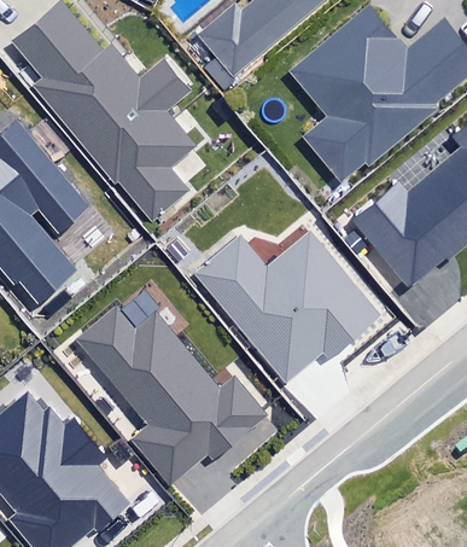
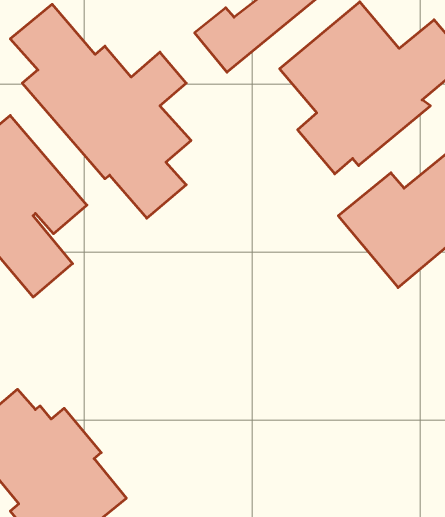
building: [197,228,381,380] -> none
building: [71,303,267,488] -> none

